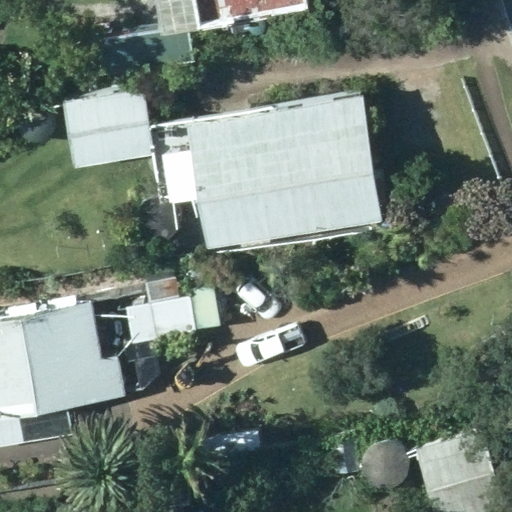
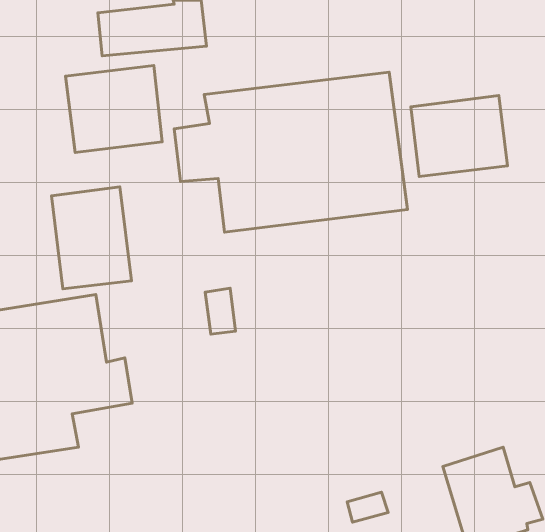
building: none -> [411,96,508,176]
building: none -> [51,187,131,289]

